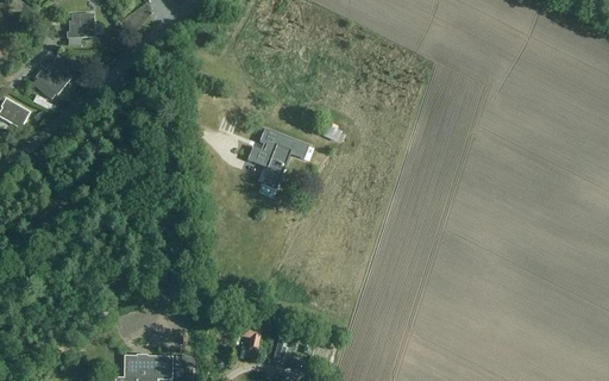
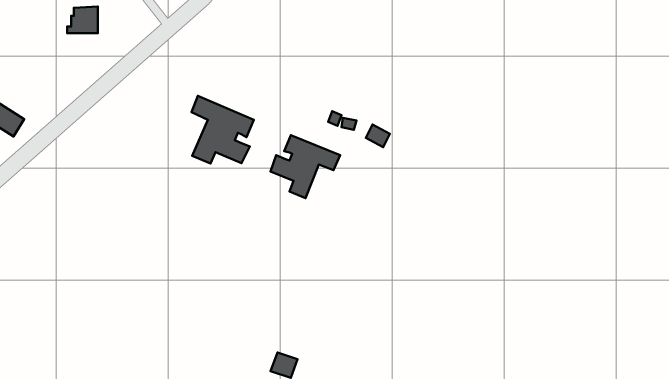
building: [33,61,71,96] -> none
building: none -> [192,96,254,163]

